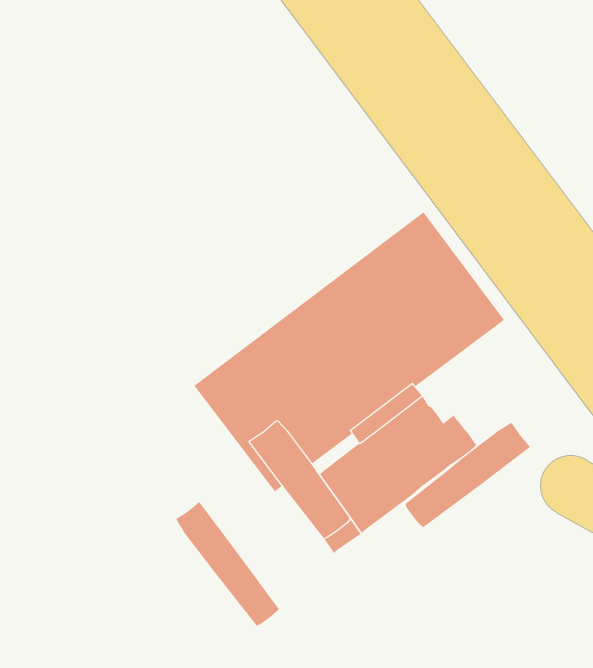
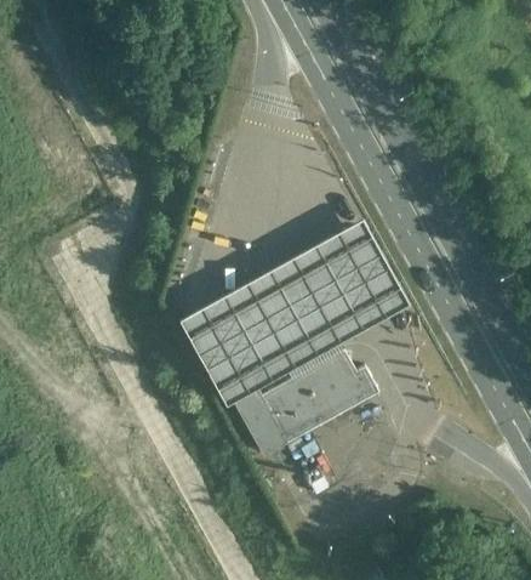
building: [405,422,531,528] -> none
building: [176,501,279,626] -> none

